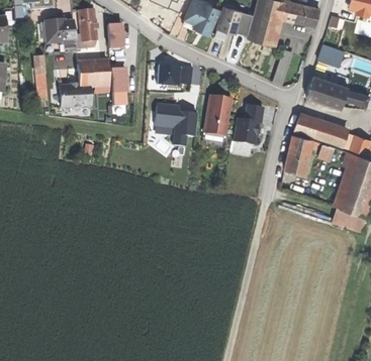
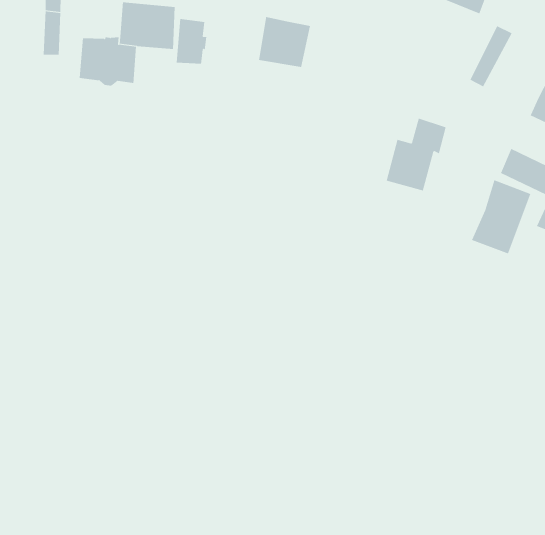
building: [203,96,230,142] -> none
building: [154,103,197,145] -> none

